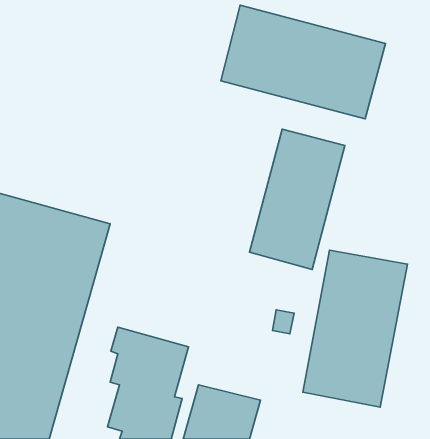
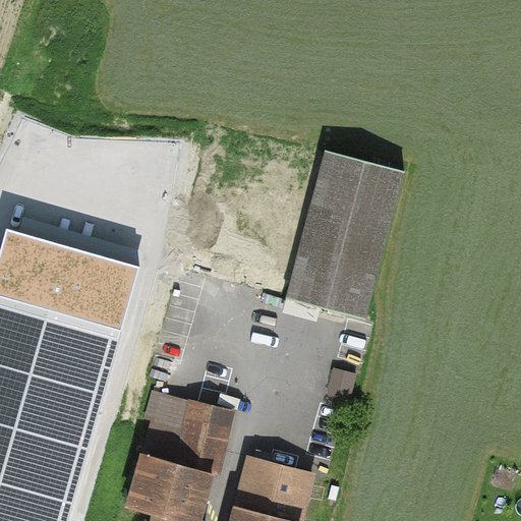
building: [221,5,385,119] -> none
building: [303,250,407,407] -> none

